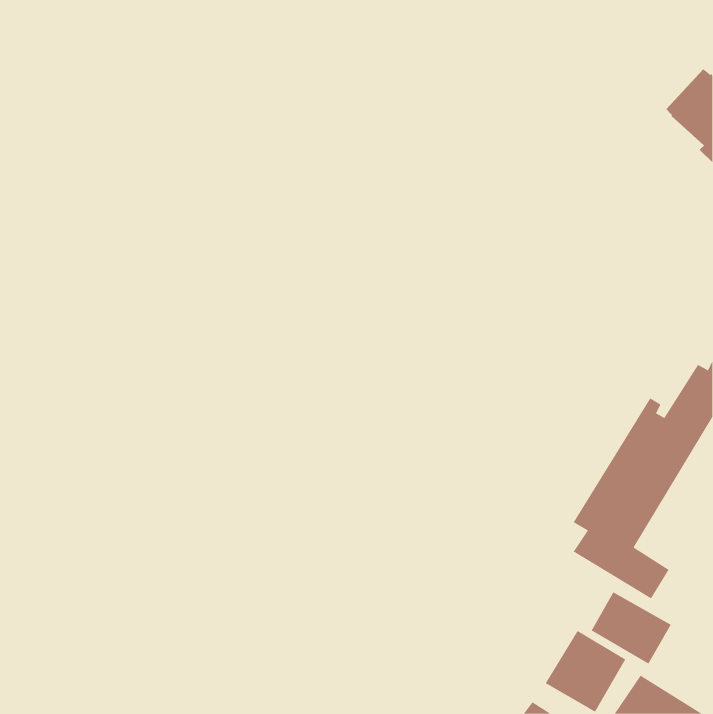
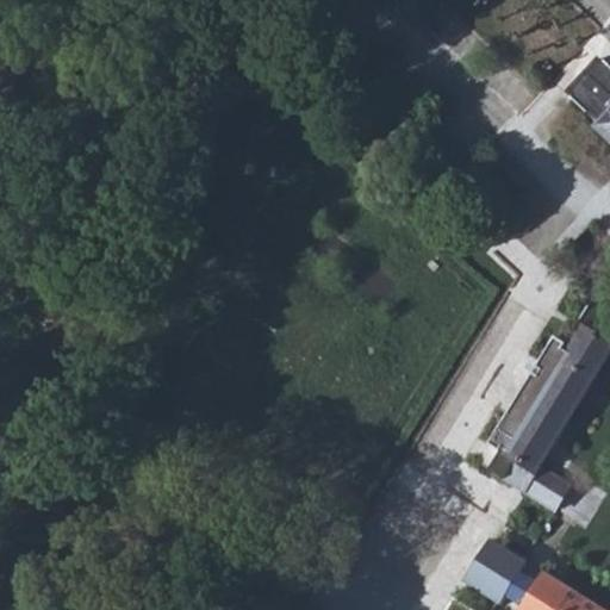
building: [591,591,672,664] -> none

